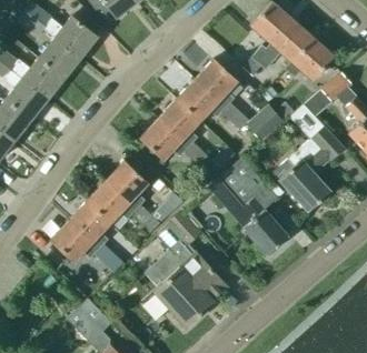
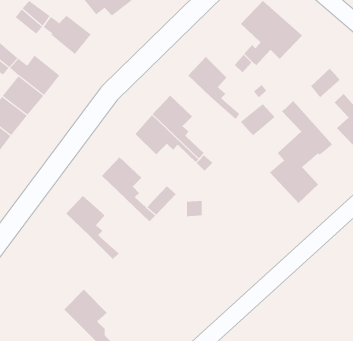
building: [37,37,79,79] -> none
building: [285,38,334,81] -> none
building: [177,79,245,129] -> none
building: [218,160,289,256] -> none
building: [87,182,156,233] -> none
building: [147,213,227,327] -> none
building: [50,221,118,272] -> none

